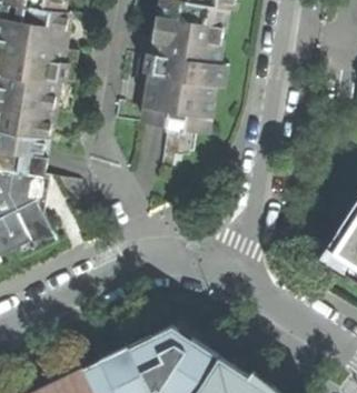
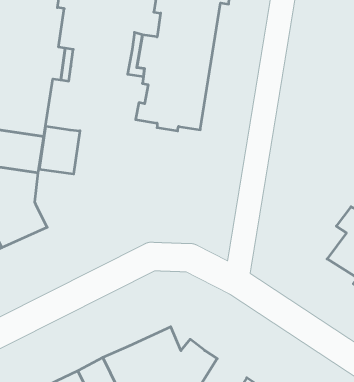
building: none -> [40,126,80,174]

